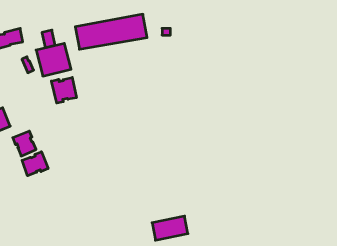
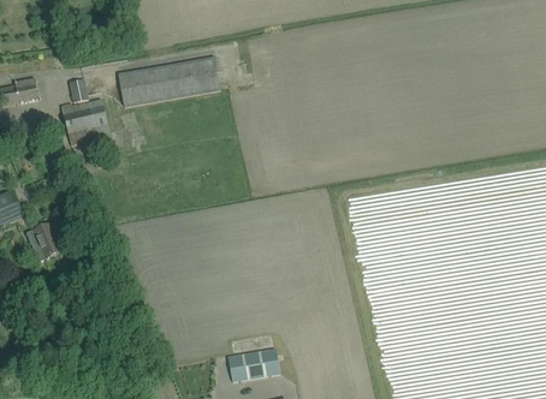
building: [51,77,76,103] -> none
building: [22,152,48,176] -> none

